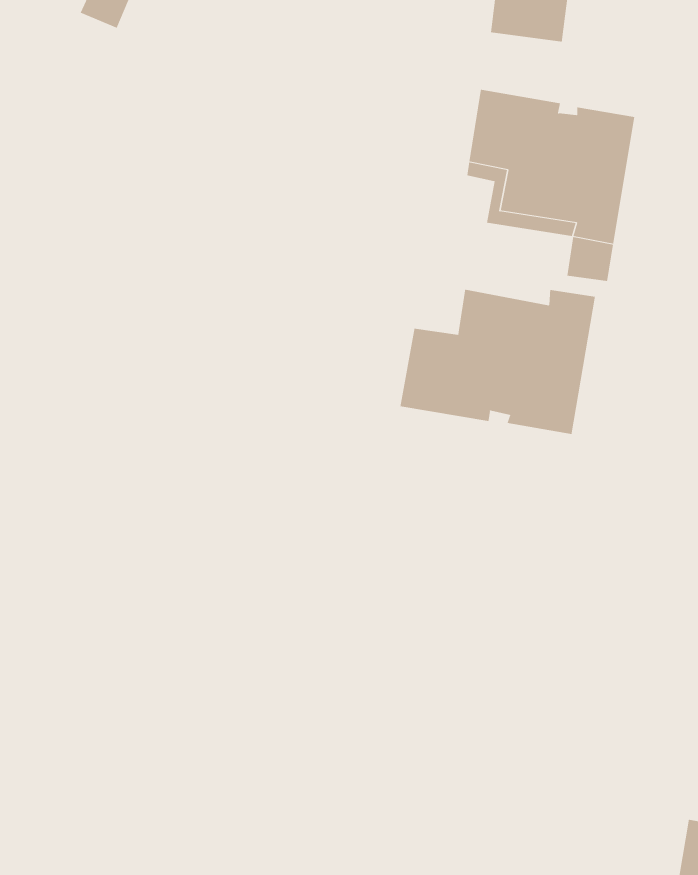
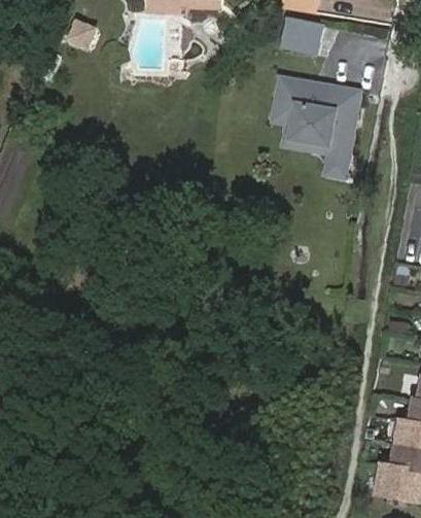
building: [400,289,596,435] -> none

